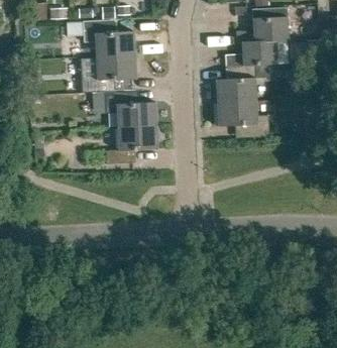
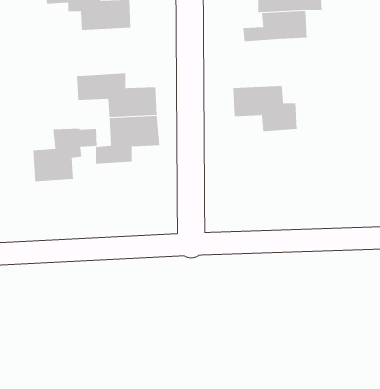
building: [95,54,137,93] -> none
building: [215,64,257,103] -> none
building: none -> [33,128,97,182]

